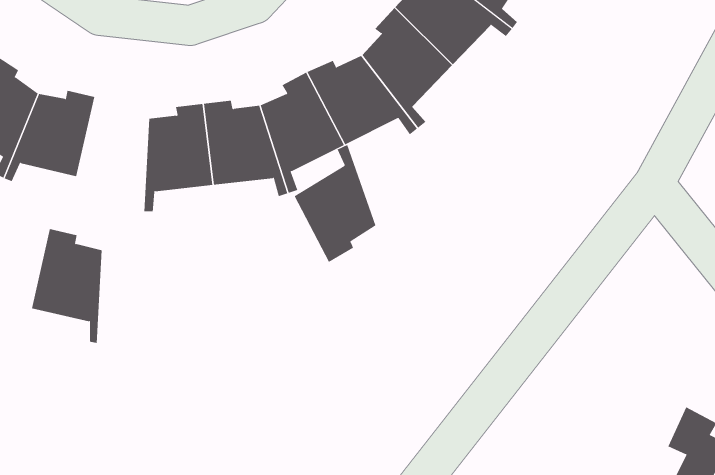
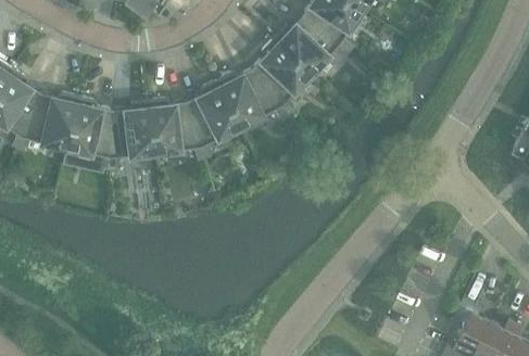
building: [294,144,376,263] -> none
building: [31,229,103,343] -> [66,98,113,173]

